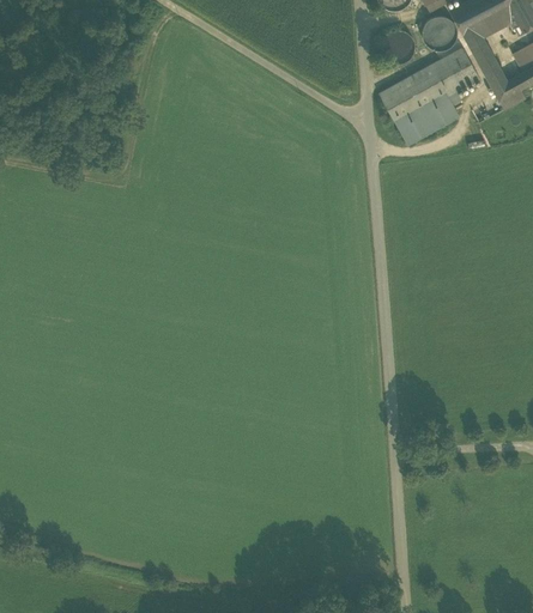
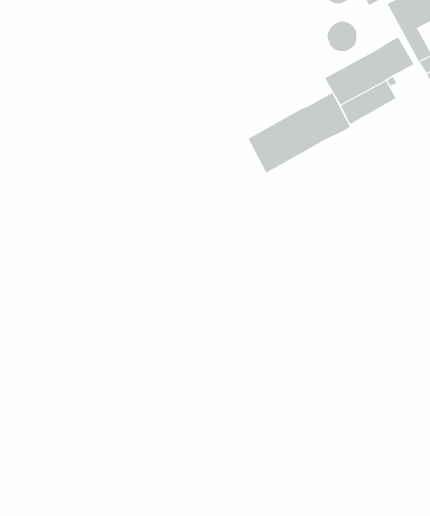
building: [423,14,458,49] -> none
building: none -> [248,92,351,173]

